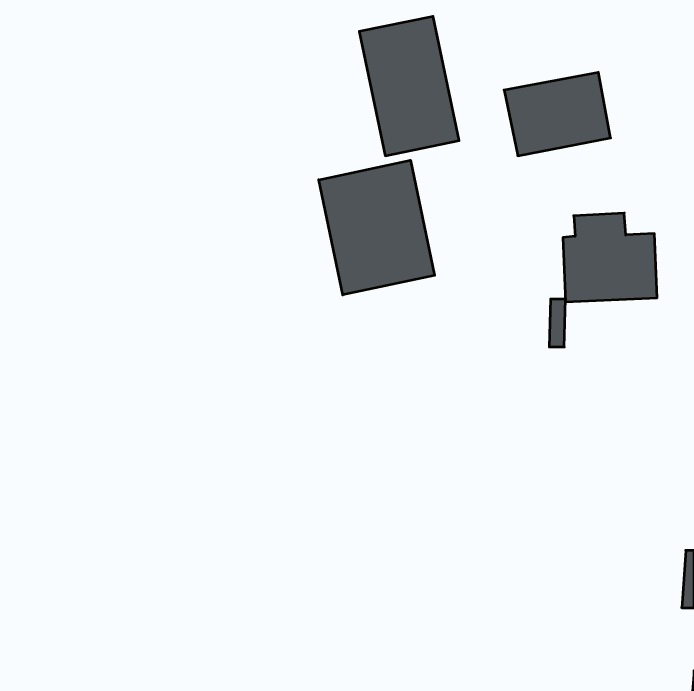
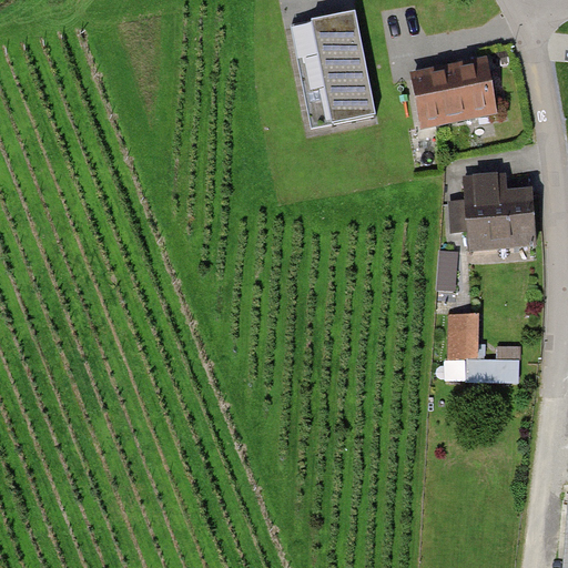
building: [319,160,435,295] -> none
building: none -> [448,312,519,383]

